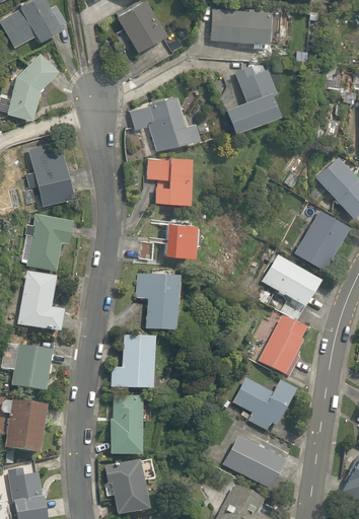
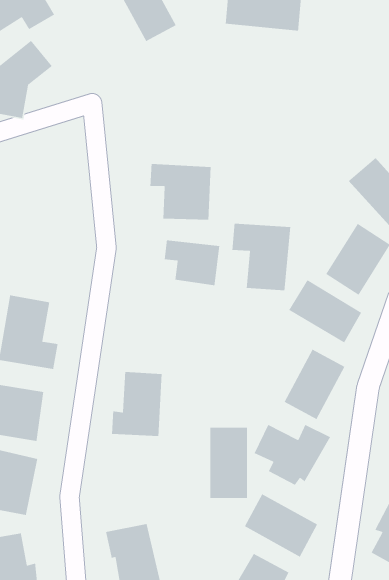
building: [225,60,285,136] -> none
building: [129,94,207,152] -> none
building: [25,138,75,206] -> none
building: [23,212,75,269] -> none
building: [133,275,184,332] -> [231,223,291,291]
building: [113,398,145,459] -> [210,427,248,499]

